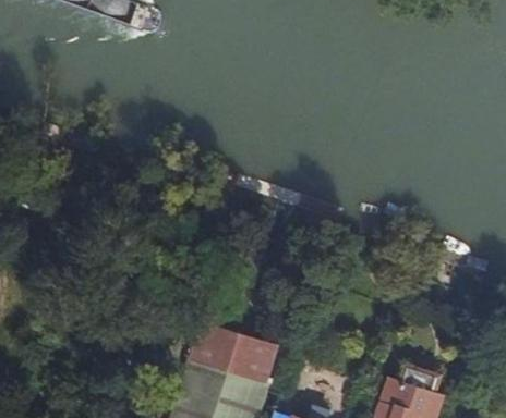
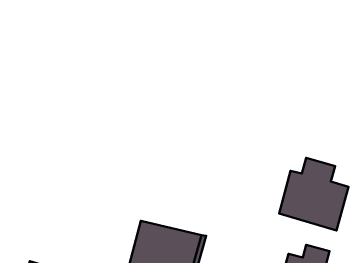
building: none -> [279,158,348,231]

